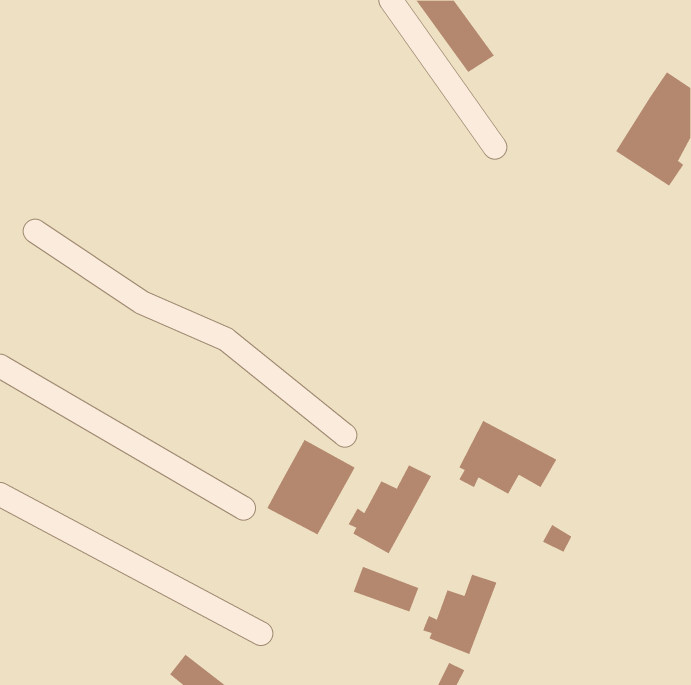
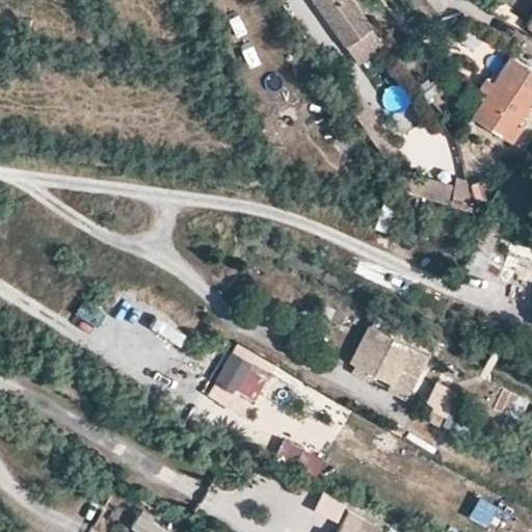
building: [348,465,432,554] -> none
building: [422,574,497,655] -> none

